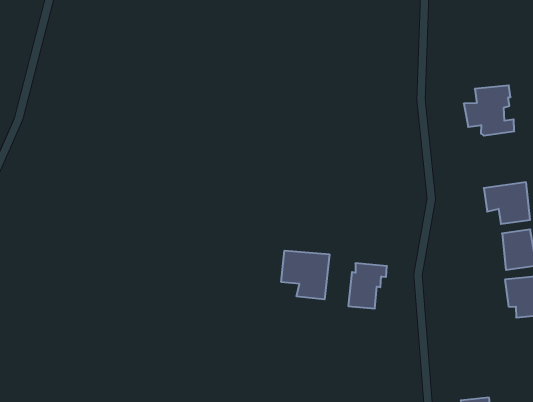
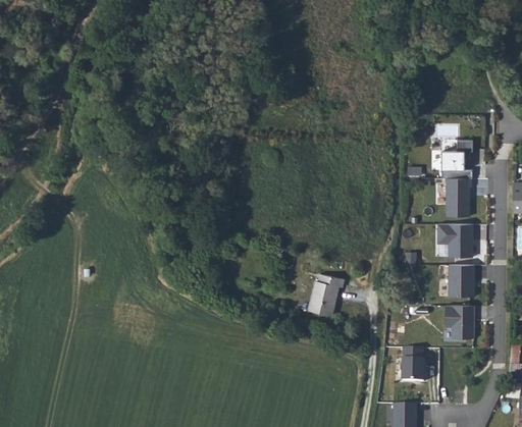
building: none -> [445,178,469,218]
building: [281,251,329,299] -> none
building: none -> [403,346,424,380]

